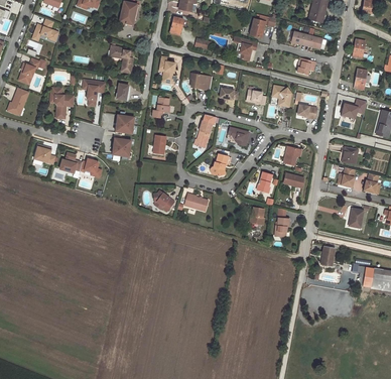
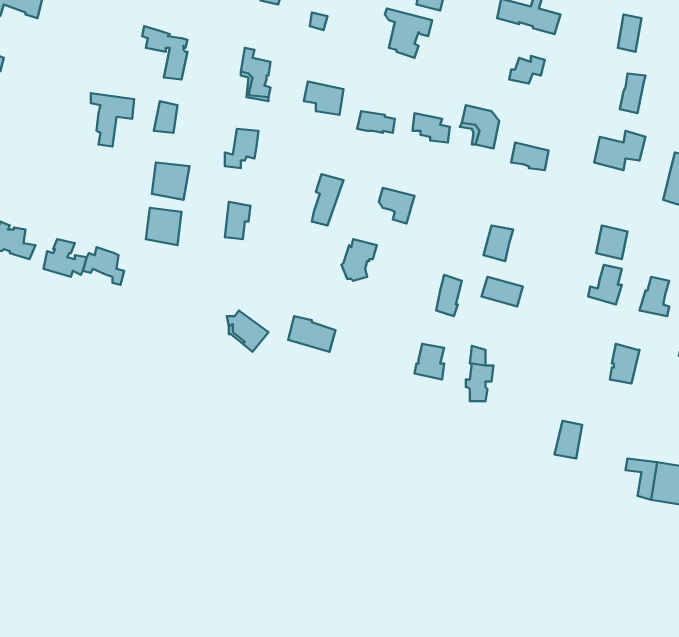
building: [50,87,75,118] -> none

